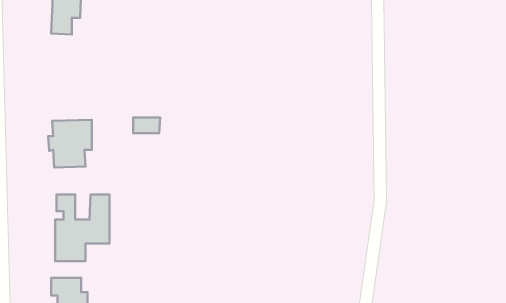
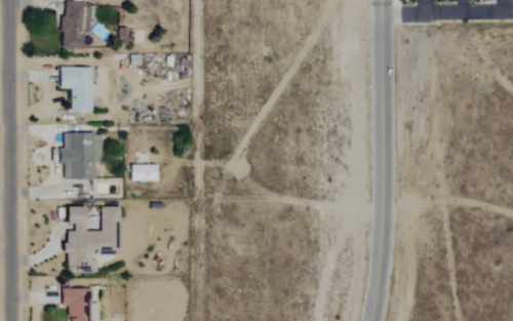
building: none -> [61,66,97,111]
building: [133,118,160,133] -> [131,165,158,180]

